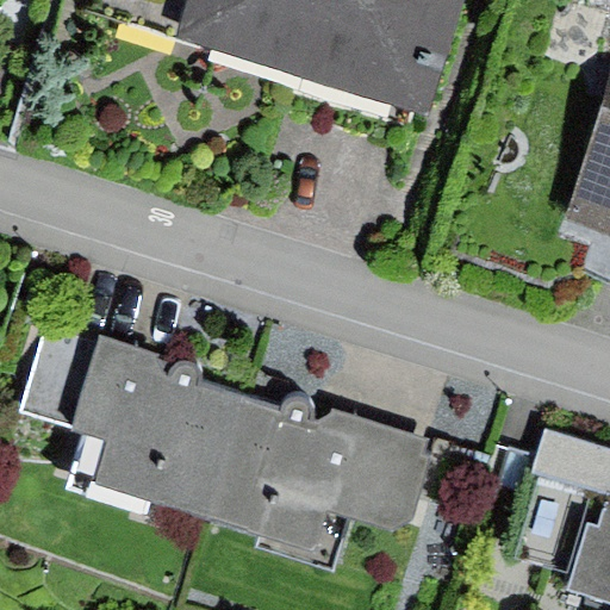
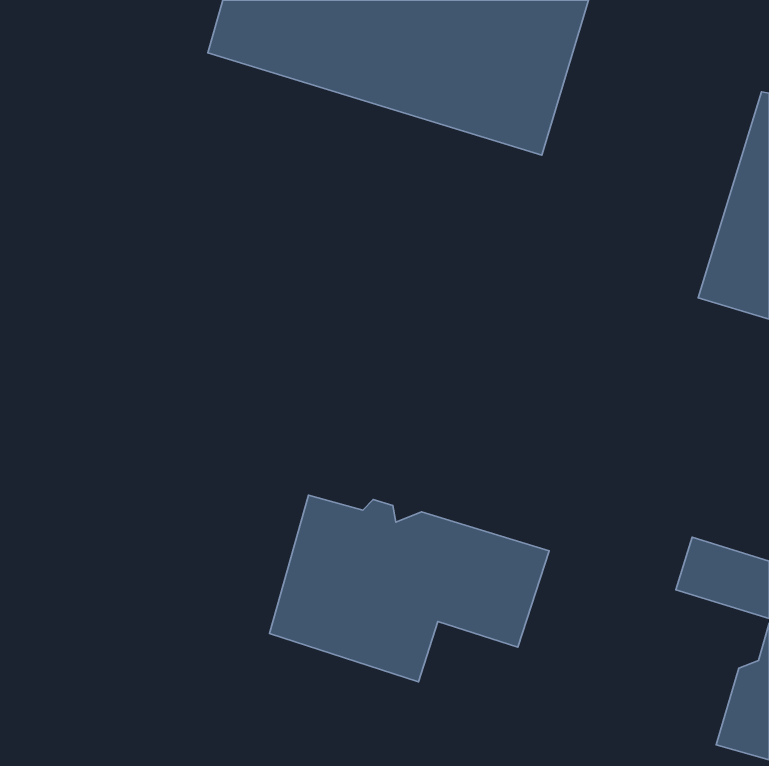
building: [74,335,244,504] -> none

